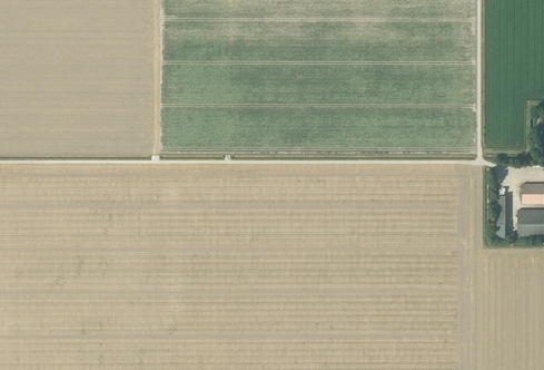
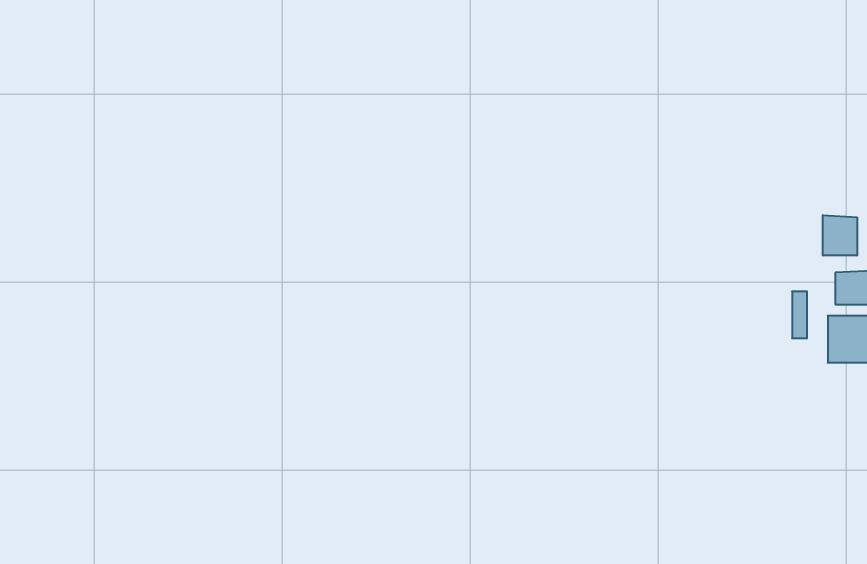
building: none -> [823,215,857,256]

